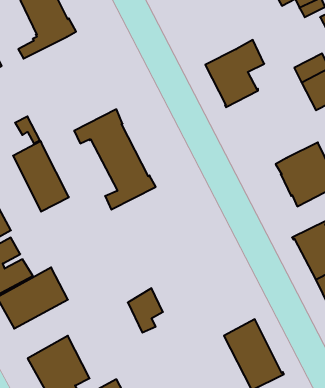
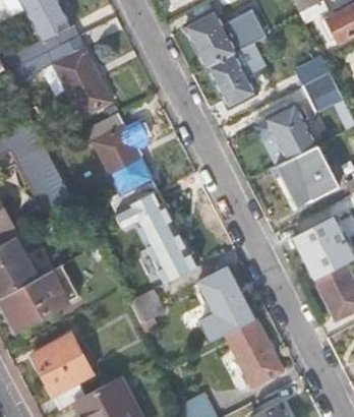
building: none -> [184,9,267,68]
building: none -> [21,41,112,118]
building: none -> [258,102,317,160]
building: none -> [116,190,196,283]
building: none -> [196,265,255,335]

